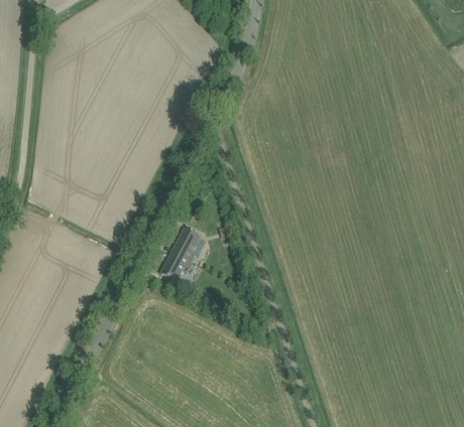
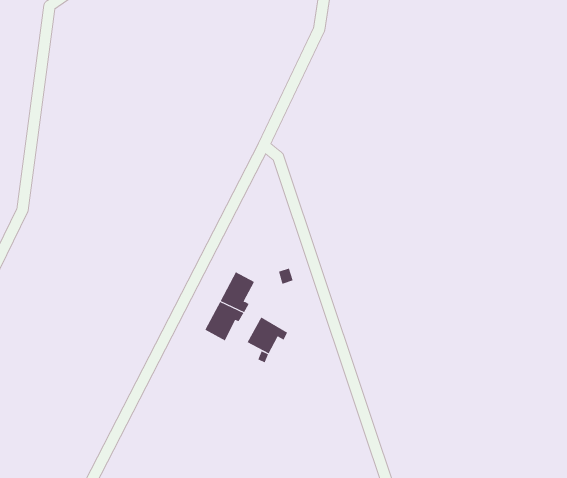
building: none -> [247,317,288,354]

